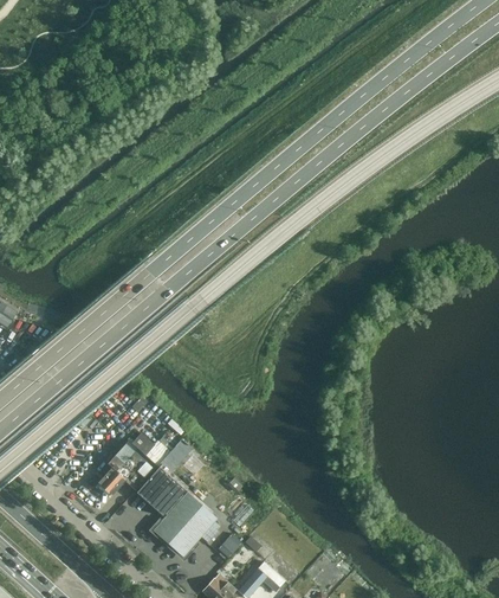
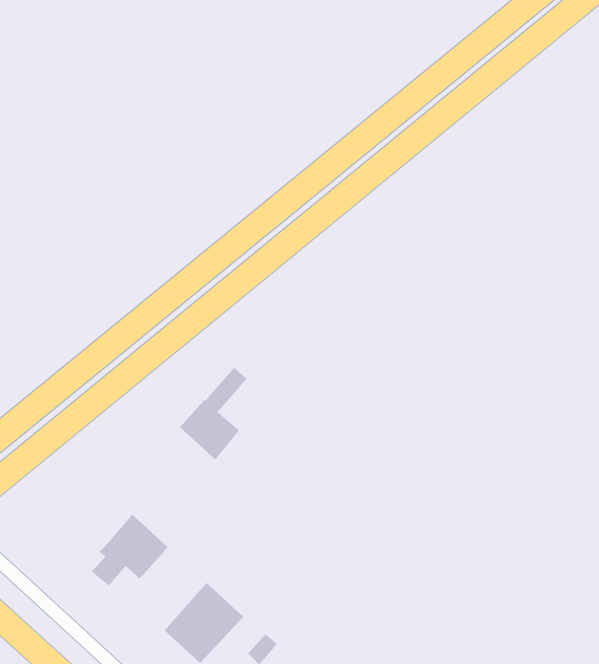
building: [138,439,192,513] -> [179,367,247,461]

